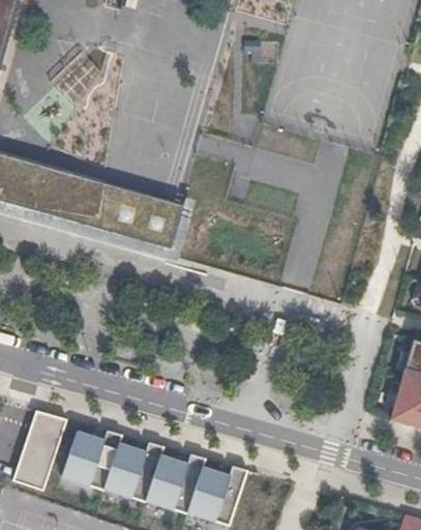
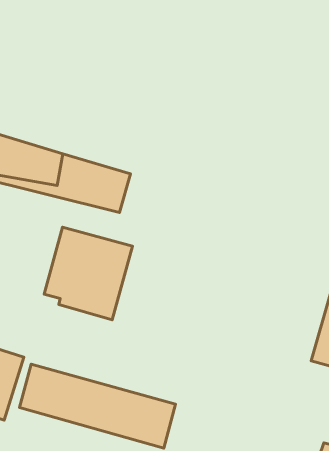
building: none -> [44,227,132,320]

